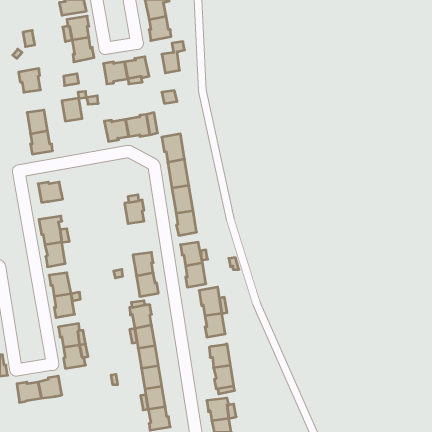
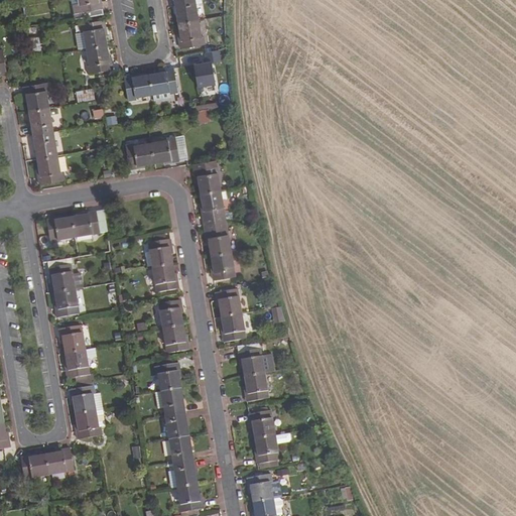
building: [62,98,82,121] -> [28,107,52,134]
building: none -> [71,210,107,237]
building: none -> [152,263,177,291]

